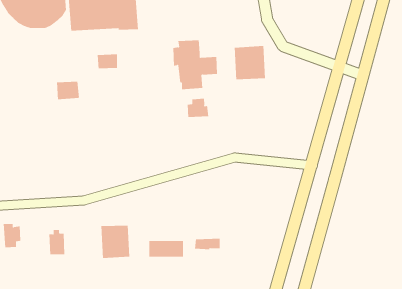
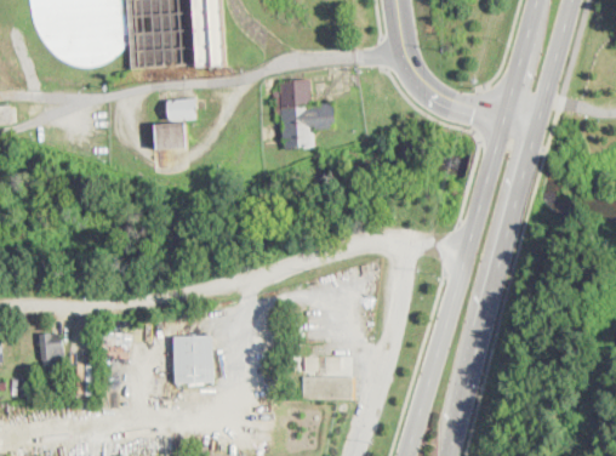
building: [234,45,266,80] -> none
building: [56,81,80,100] -> [154,124,187,149]
building: [187,98,209,118] -> none
building: [149,240,184,257] -> [302,376,350,399]

